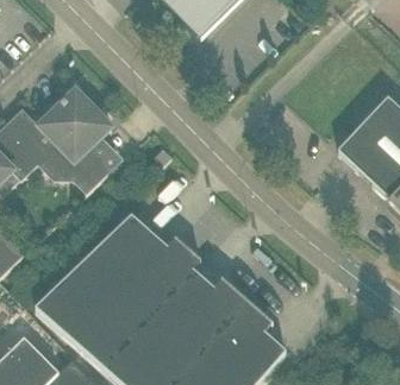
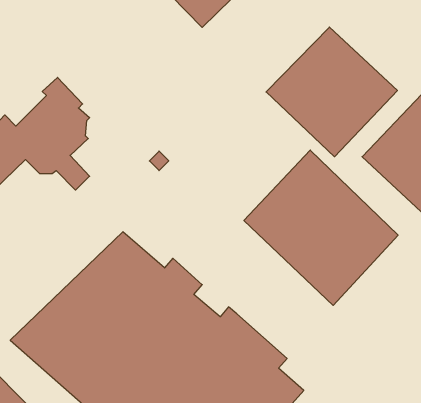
building: none -> [266,27,397,157]
building: none -> [244,150,398,305]

